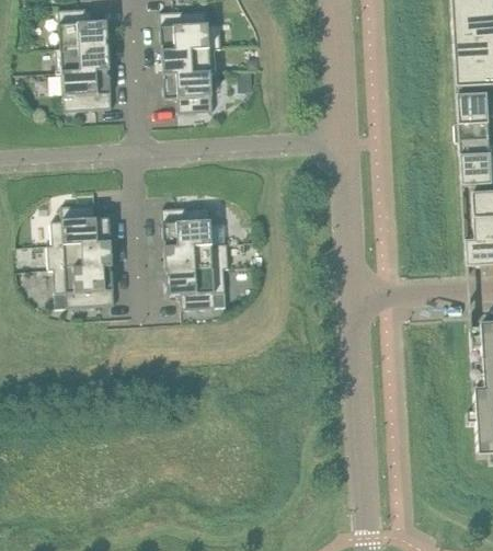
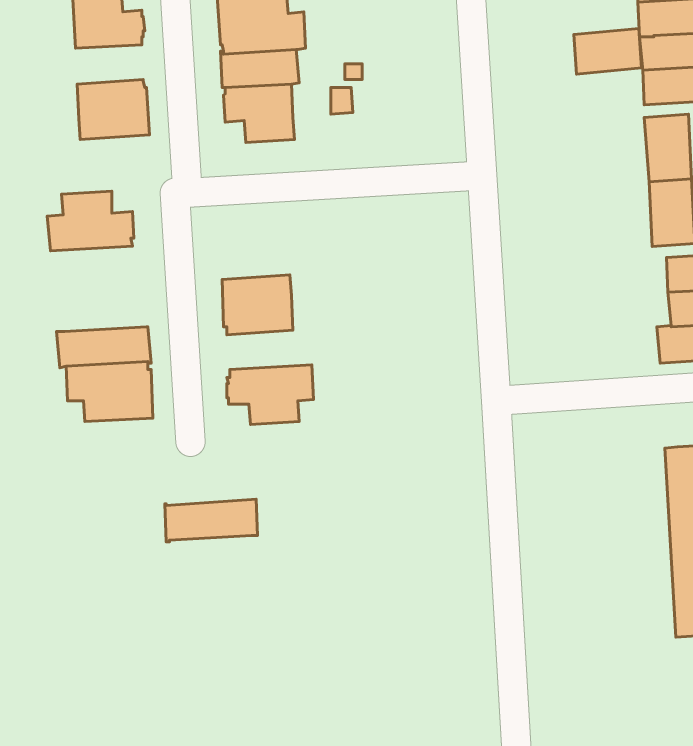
building: none -> [574,28,642,74]
building: [56,43,111,71] -> none
building: [51,202,112,243] -> [47,191,134,251]
building: [165,241,230,271] -> [165,499,258,542]

